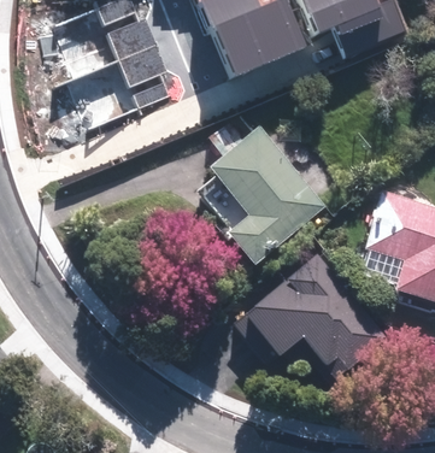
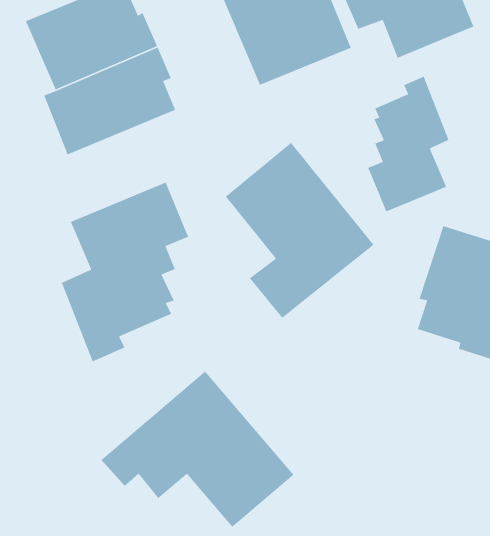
building: none -> [367,76,450,213]
building: none -> [61,182,189,362]
building: [233,253,387,378] -> [101,370,294,528]

